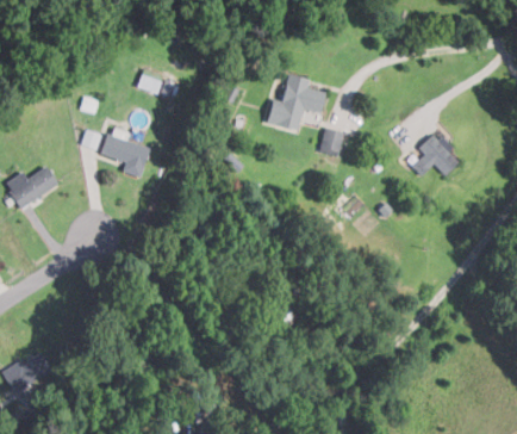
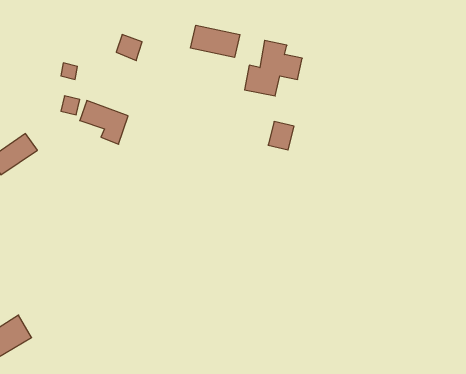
building: none -> [191,25,240,57]
building: [318,128,344,156] -> [268,122,294,150]
building: [410,131,459,178] -> none

